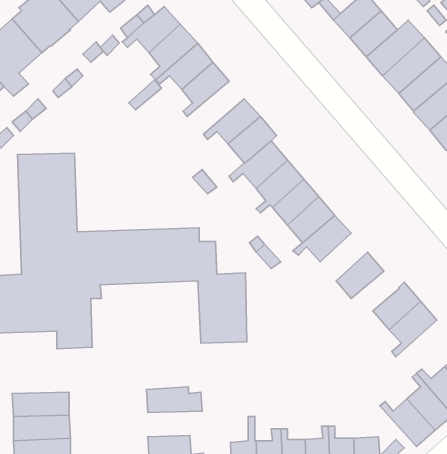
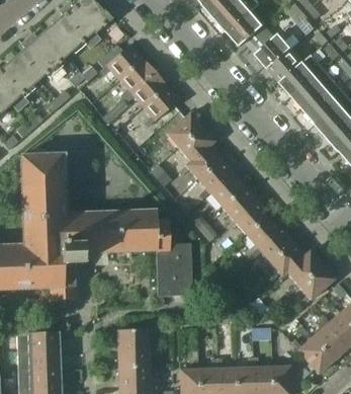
building: none -> [244,215,281,257]
building: none -> [262,243,304,277]
building: none -> [117,347,158,367]

